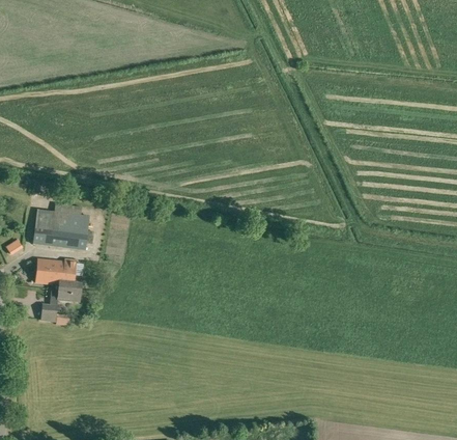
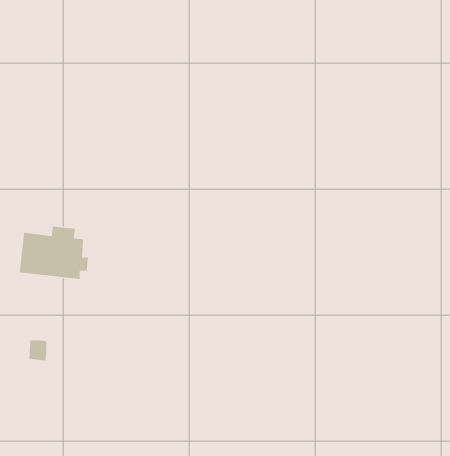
building: [36,258,82,302] -> none

